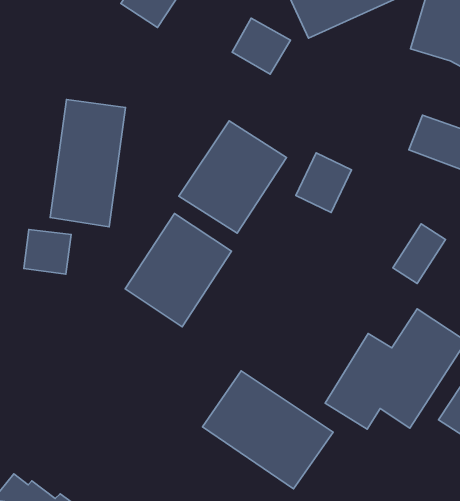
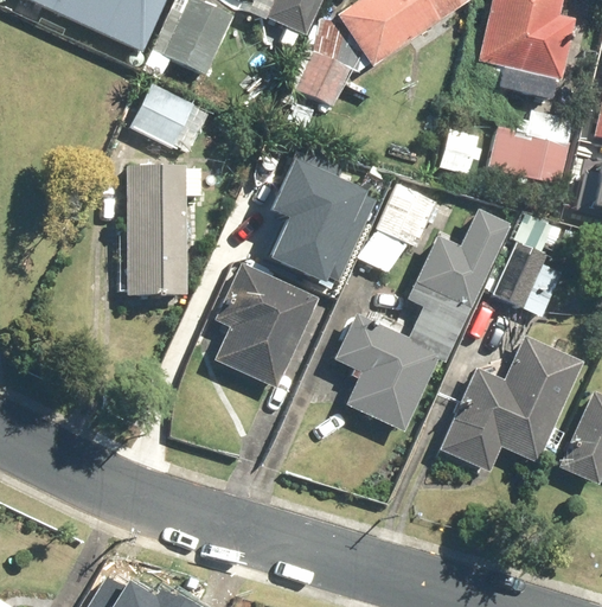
building: none -> [132,81,194,145]
building: none -> [333,211,507,430]
building: [24,230,71,274] -> none
building: [202,371,333,489] -> none

